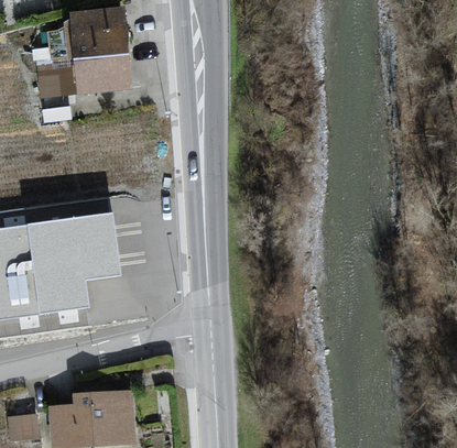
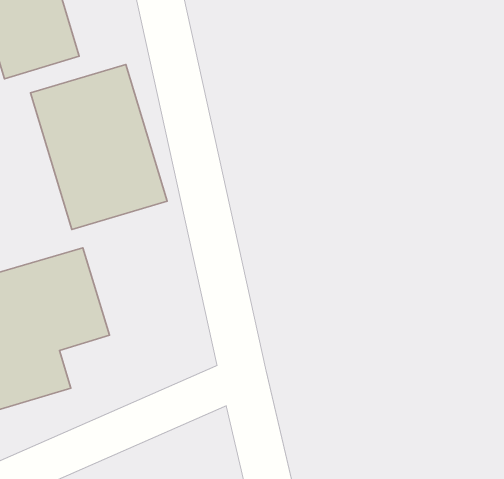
building: none -> [31,64,167,230]

